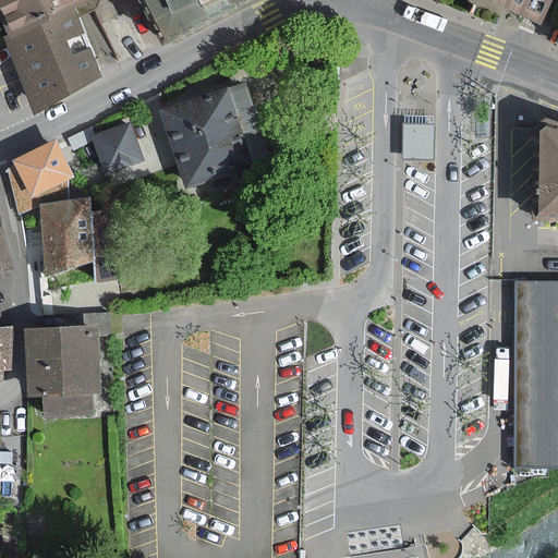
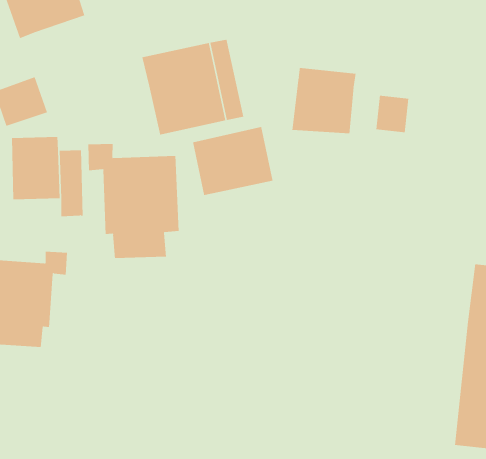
building: none -> [292,67,356,134]
building: [90,120,145,172] -> none
building: none -> [192,126,273,196]
building: none -> [88,143,179,259]

